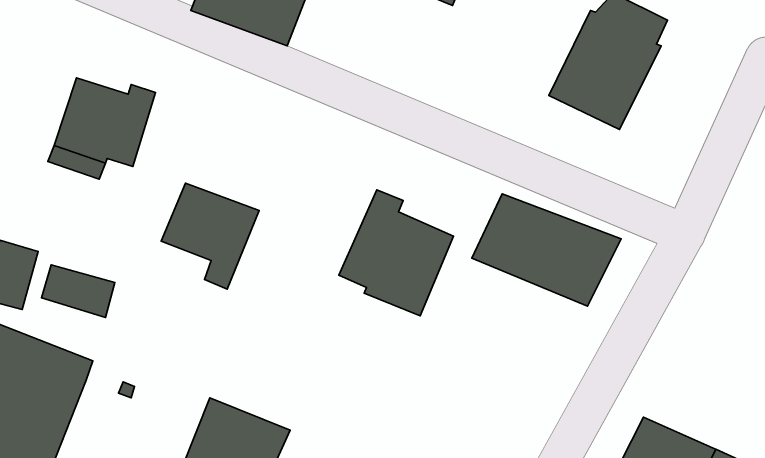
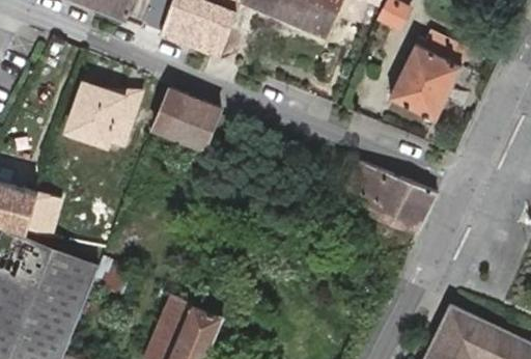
building: [161,183,259,289] -> [156,90,219,159]
building: [339,190,453,316] -> none
building: [41,265,115,318] -> none

